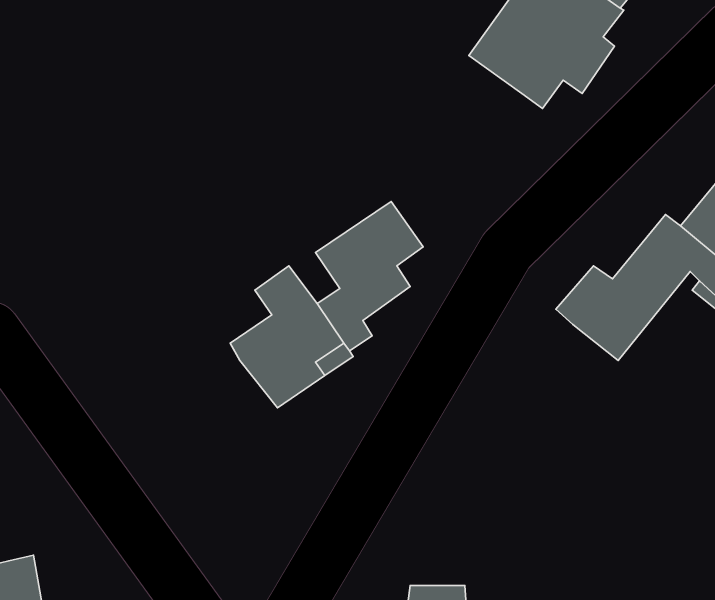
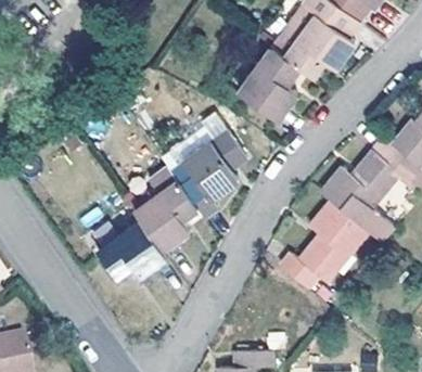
building: none -> [240,46,303,119]
building: none -> [281,200,369,286]
building: none -> [99,220,168,278]

